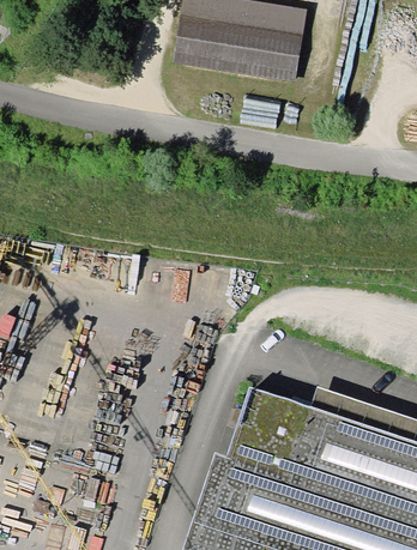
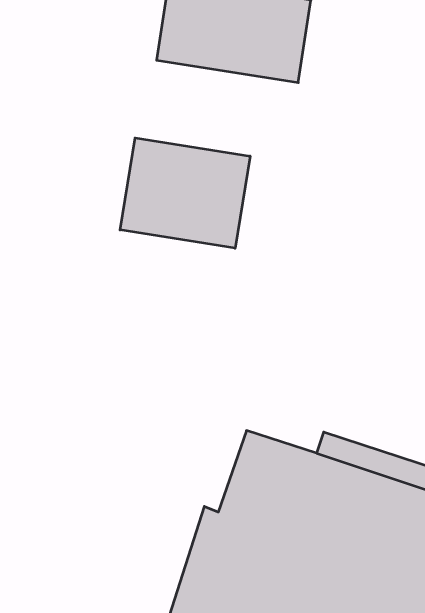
building: none -> [120,138,250,248]

